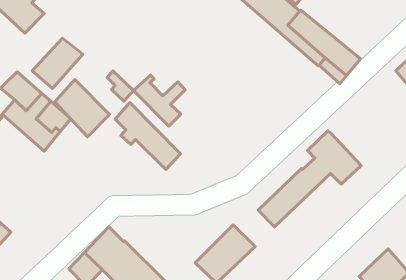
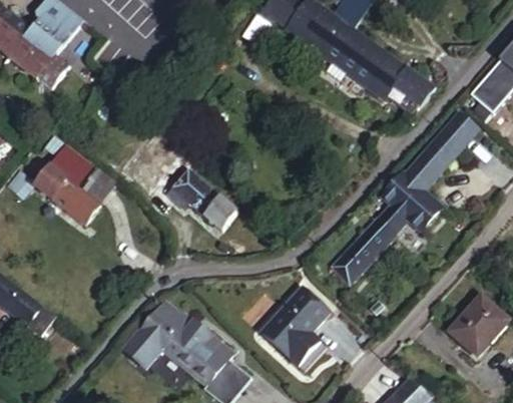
building: [32,38,83,88] -> none
building: [133,75,185,126] -> none
building: [55,79,109,137] -> none
building: none -> [406,111,480,189]

